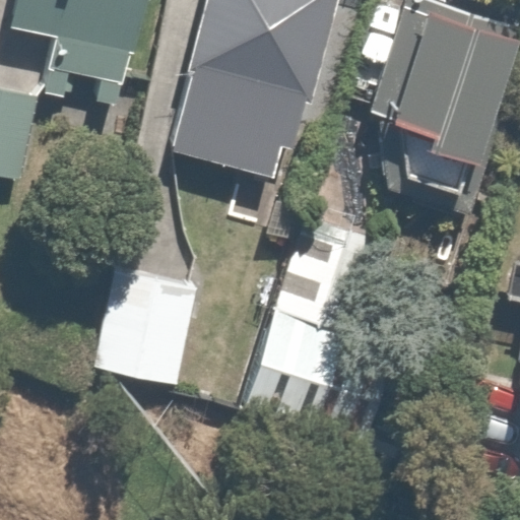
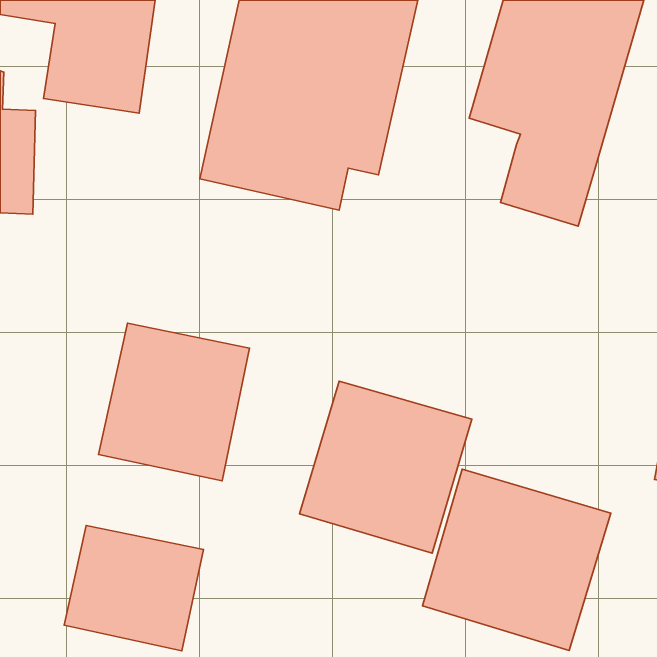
building: none -> [423,469,611,651]
building: none -> [64,525,203,651]

